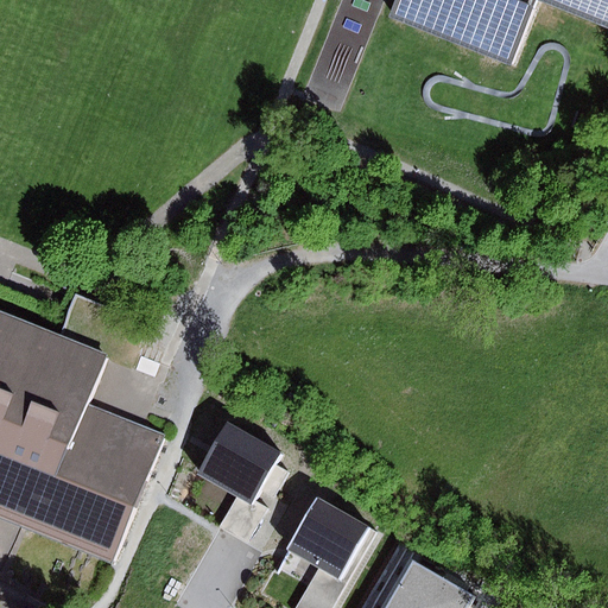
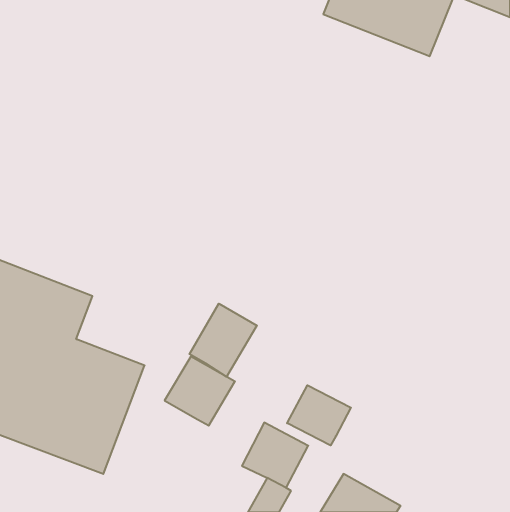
building: none -> [189,304,257,377]
building: none -> [287,385,351,445]
building: [217,496,262,542] -> none

